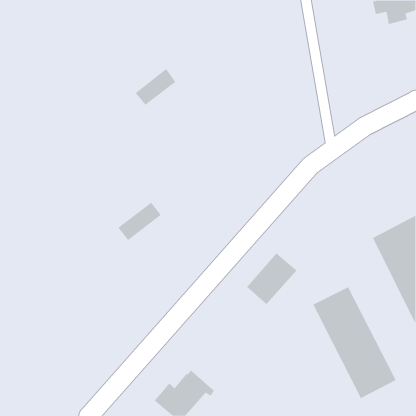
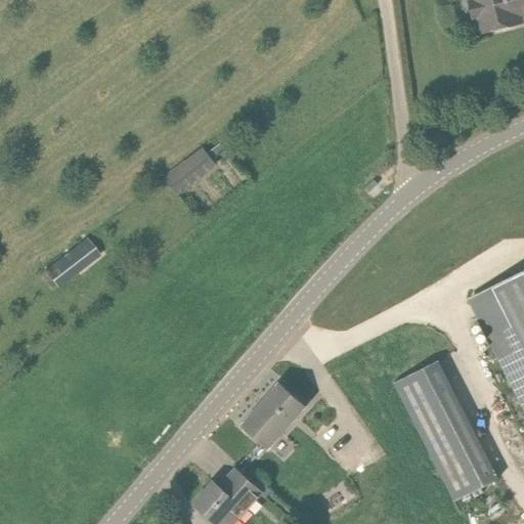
building: [135,68,176,106] -> [164,147,216,194]
building: [117,202,161,241] -> [44,238,99,288]
building: [246,253,297,305] -> [242,383,306,448]

